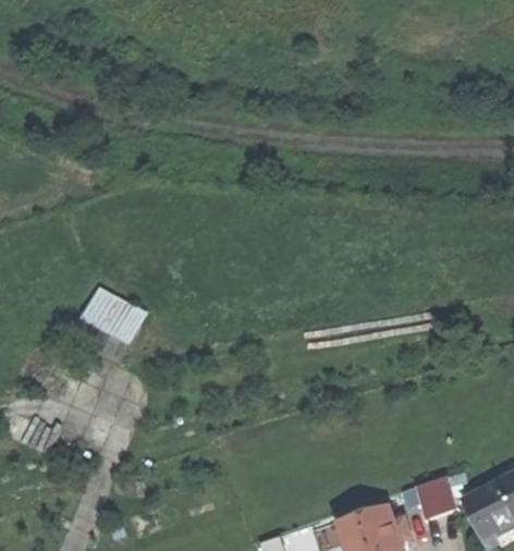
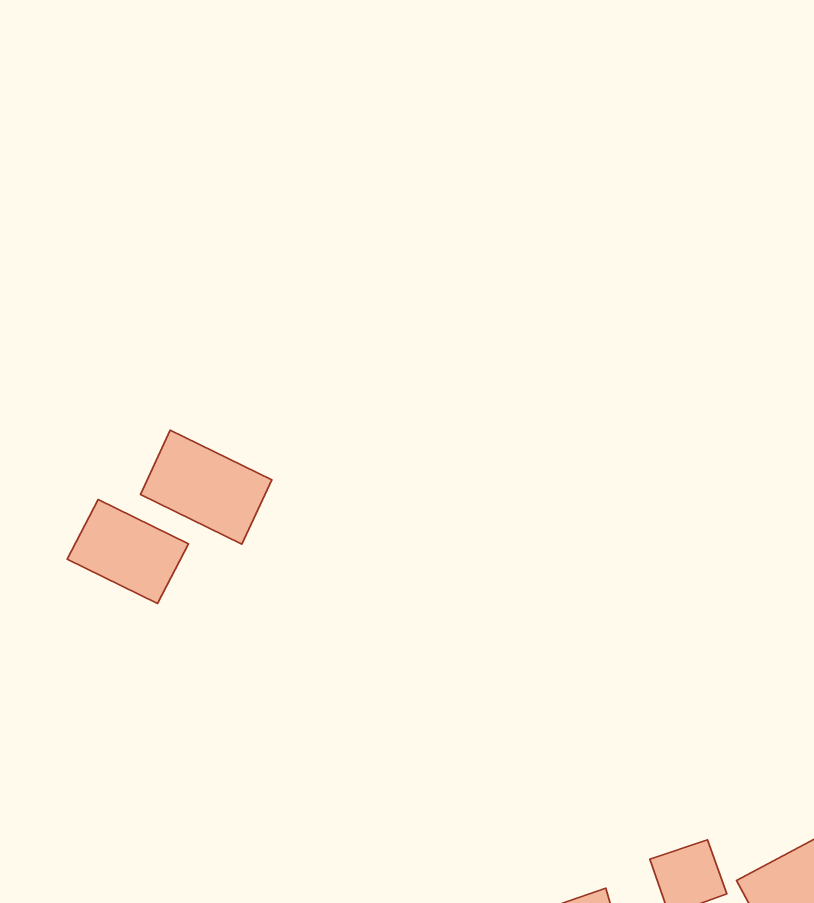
building: none -> [141,430,272,544]

